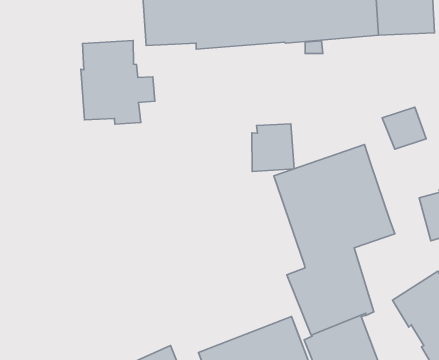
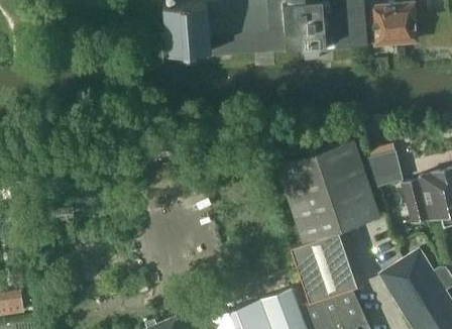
building: [81,41,155,124] -> none
building: [382,107,426,149] -> [367,150,406,187]
building: [252,124,294,171] -> none

